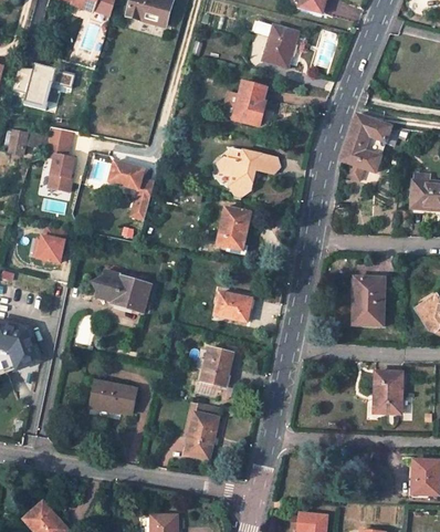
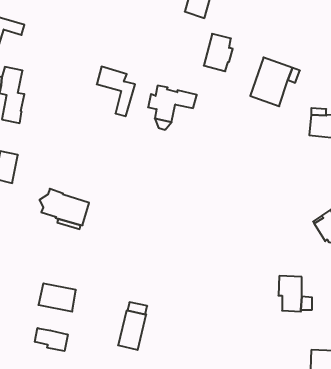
building: [233,82,268,126] -> [204,34,233,71]
building: [107,168,153,227] -> [97,67,135,116]
building: [217,208,249,248] -> none
building: [353,277,384,324] -> none
building: [213,292,249,321] -> none
building: [199,347,232,392] -> none
building: none -> [35,328,68,351]

